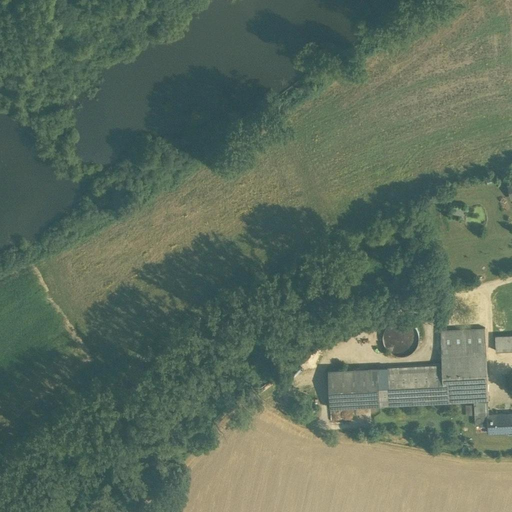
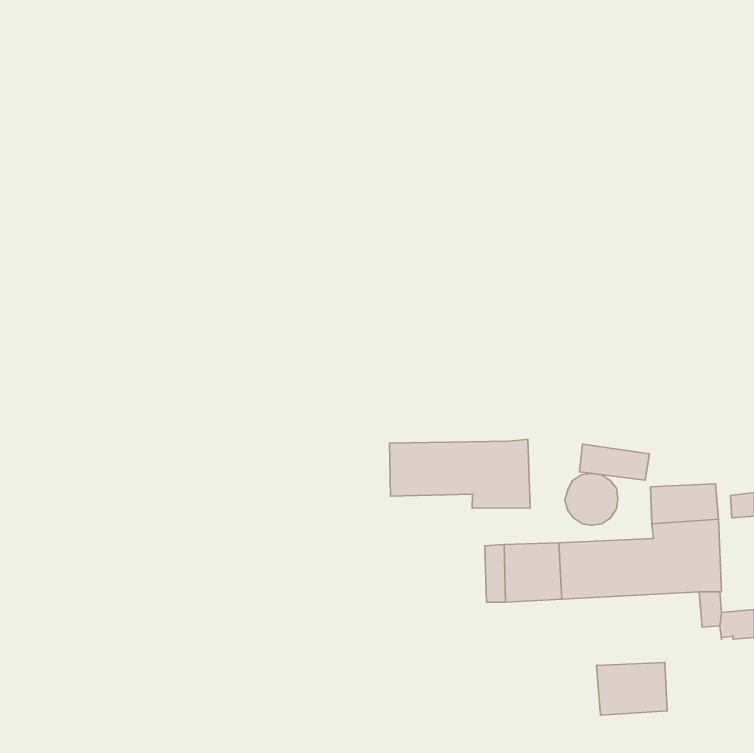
building: none -> [390,440,530,508]
building: none -> [579,444,650,480]
building: none -> [596,662,667,715]

